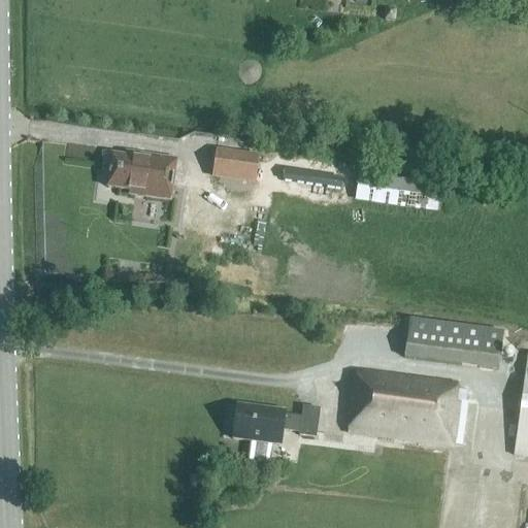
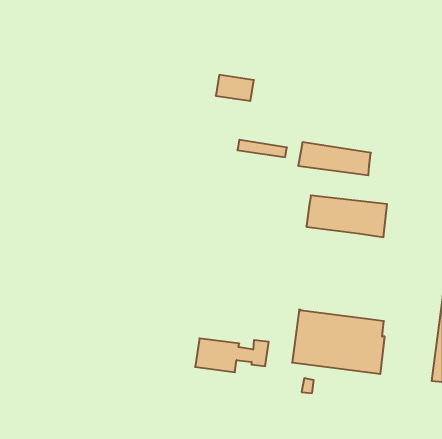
building: [213,148,259,179] -> [216,75,254,101]
building: [107,151,176,198] -> none
building: [407,319,503,368] -> [306,195,387,237]

